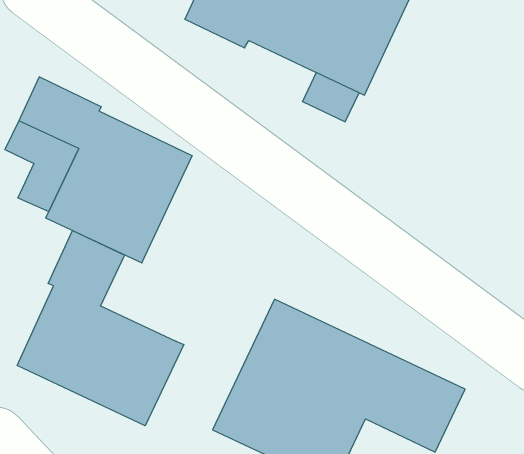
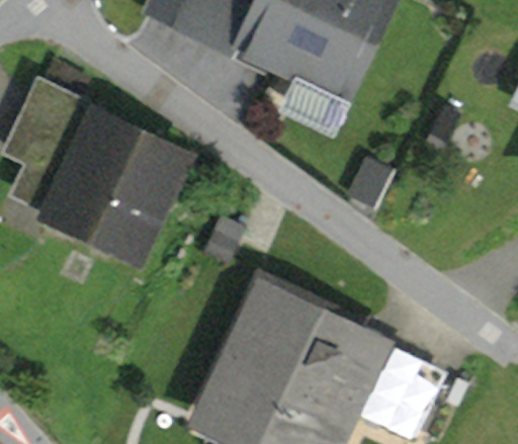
building: [17,230,184,426] -> none

